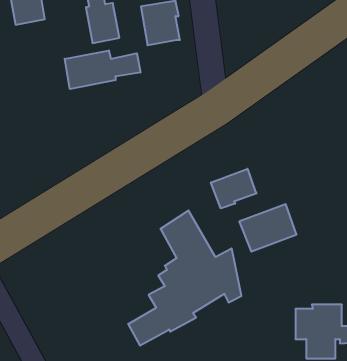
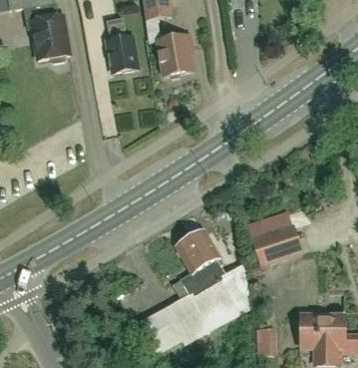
building: [65,50,140,89] -> none
building: [211,169,257,208] -> none
building: none -> [255,327,276,355]

